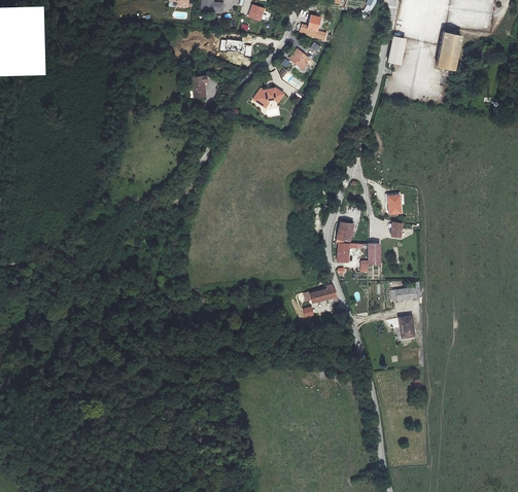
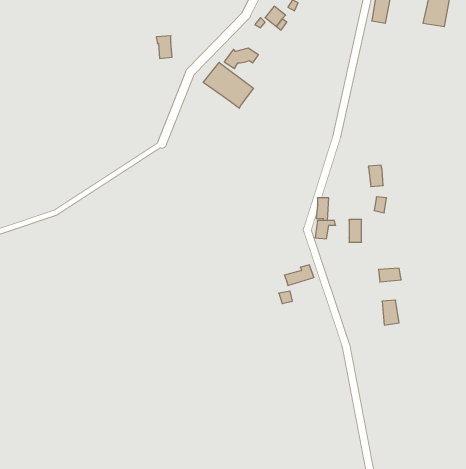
building: none -> [203,62,253,108]

